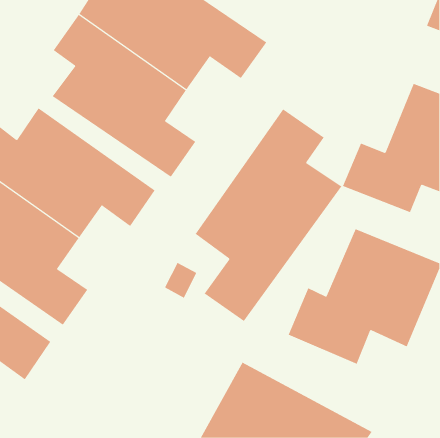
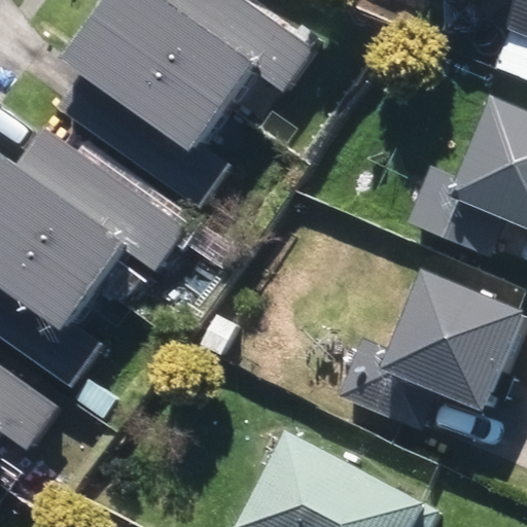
building: [195,108,342,322] -> none

